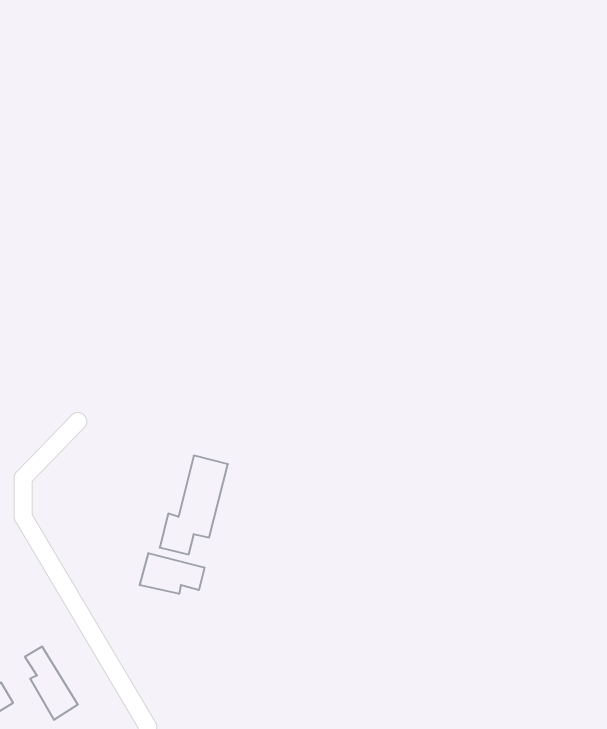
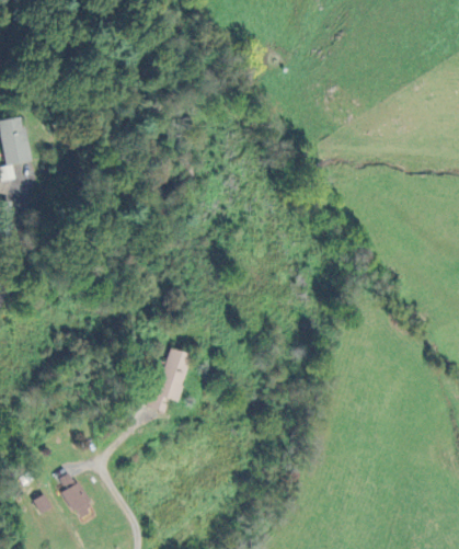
building: [140,553,204,594] -> none

